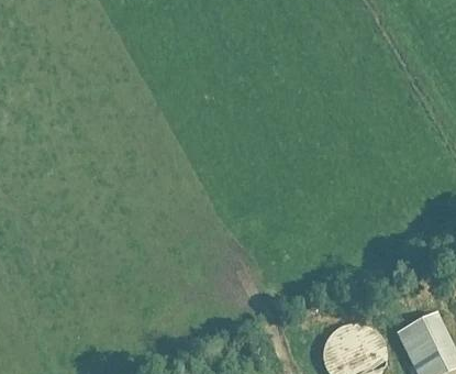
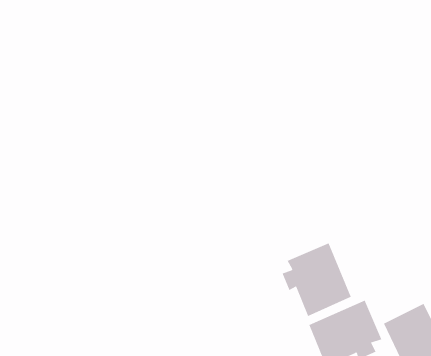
building: none -> [282,242,352,317]

